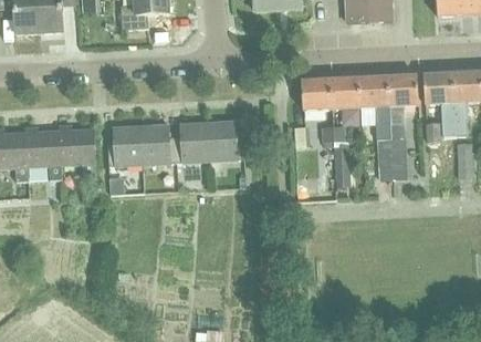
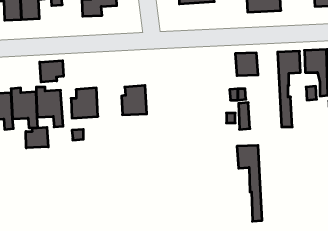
building: [358,76,393,179] -> [237,145,262,221]
building: [302,79,332,110] -> none
building: none -> [40,61,63,82]
building: [207,121,244,160] -> none
building: [140,124,176,164] -> none
building: none -> [26,127,48,148]

